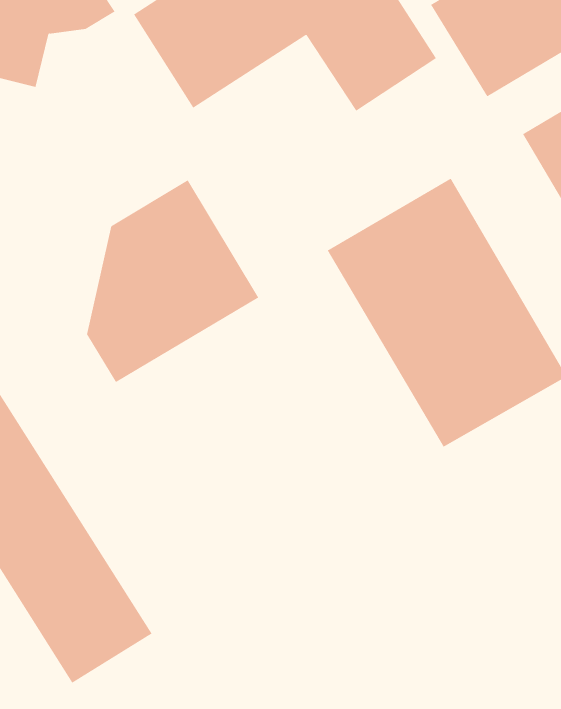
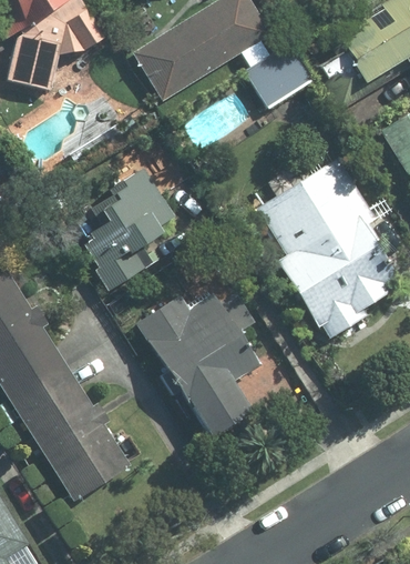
building: none -> [132,278,276,445]

